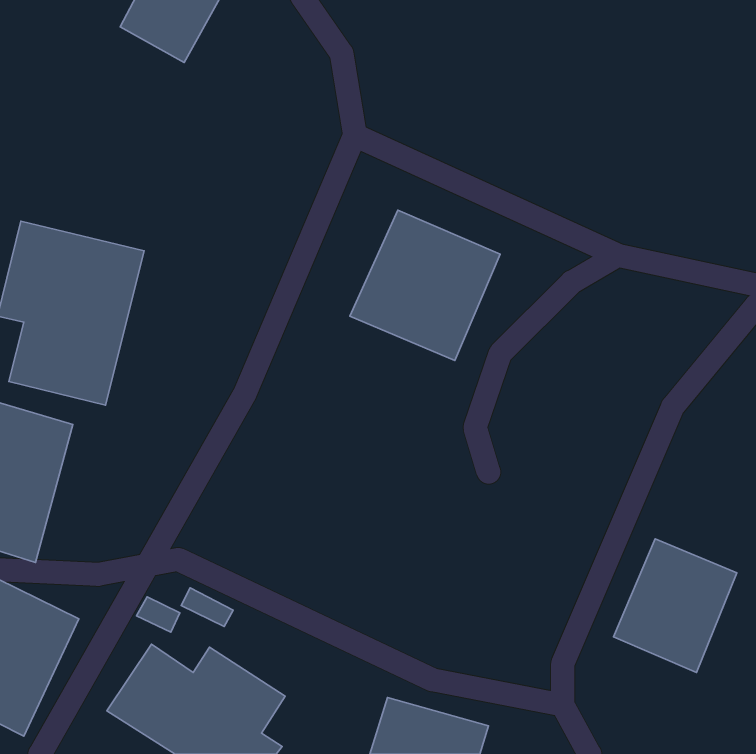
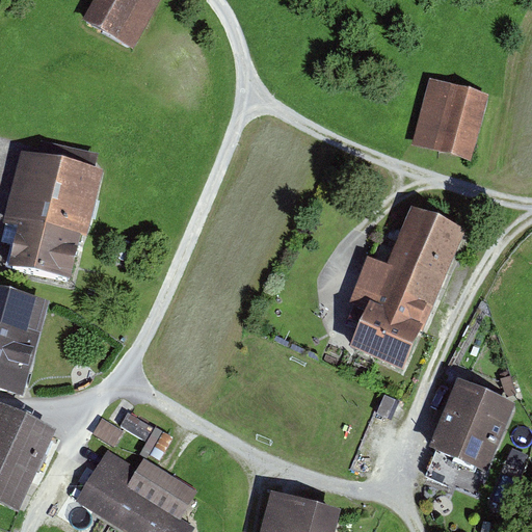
building: none -> [410,79,486,161]
building: [350,210,500,360] -> none
building: none -> [342,209,459,368]

